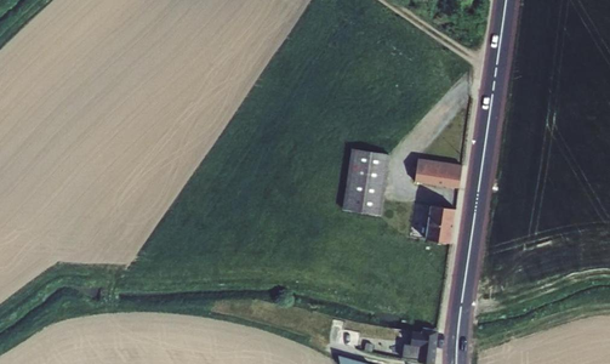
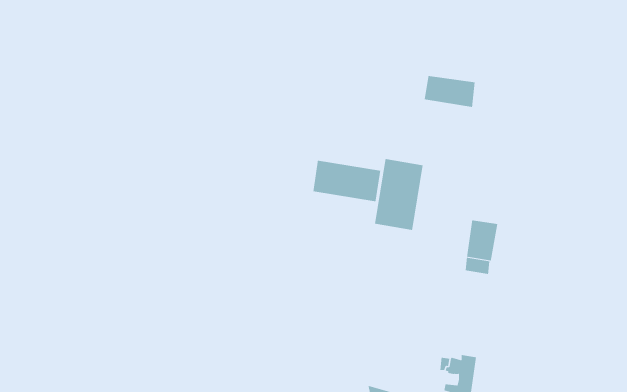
building: none -> [313,160,381,202]
building: [414,159,461,188] -> [424,75,476,107]

